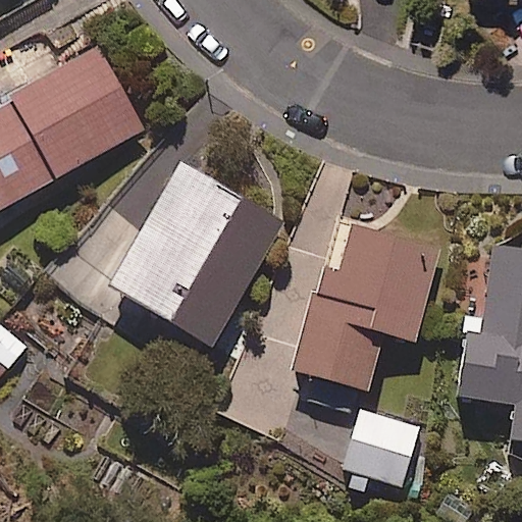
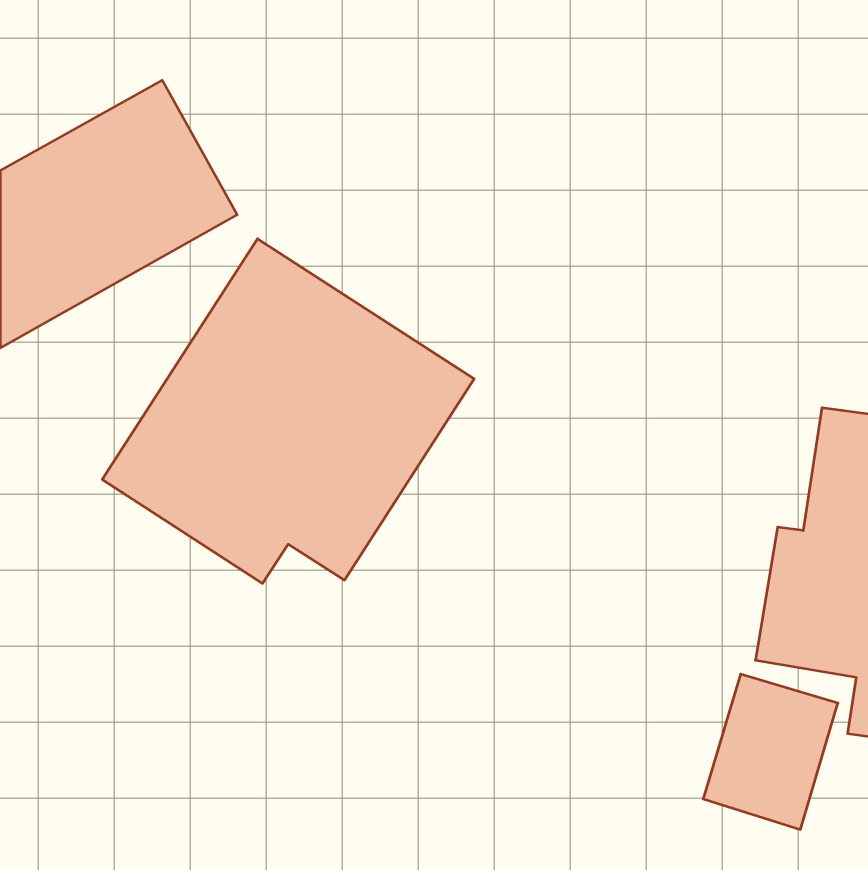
building: [294,225,439,390] -> none
building: [340,409,420,502] -> [703,674,838,829]

